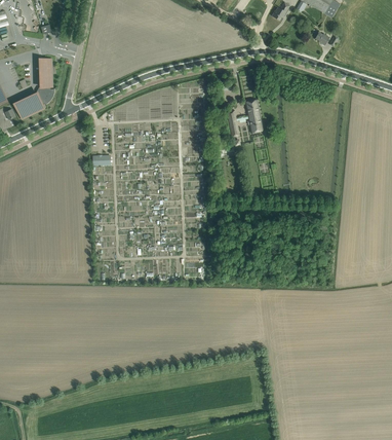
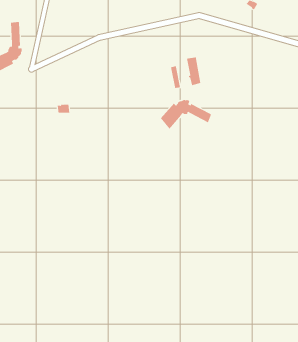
building: none -> [160,99,212,129]

